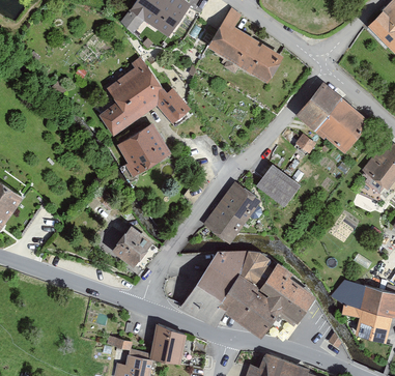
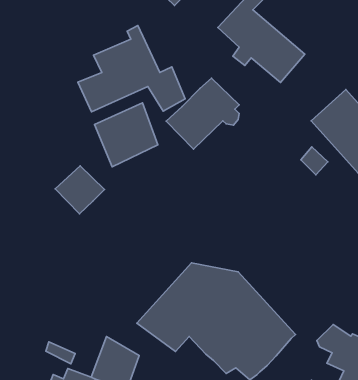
building: [255,165,300,208] -> none
building: [202,183,262,245] -> [166,78,239,149]
building: [111,225,152,265] -> [55,166,104,214]

